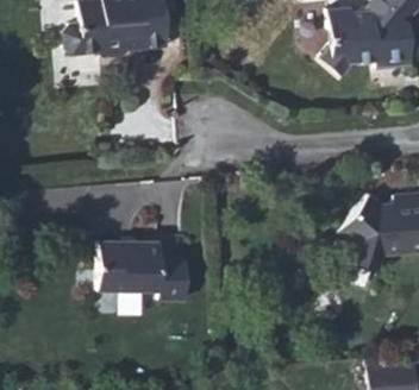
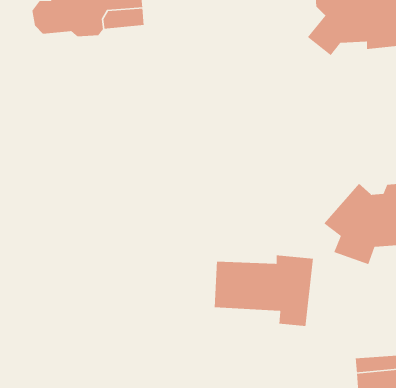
building: [98,233,192,301] -> [214,254,314,327]

